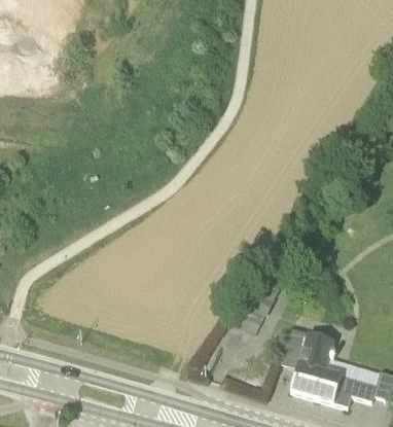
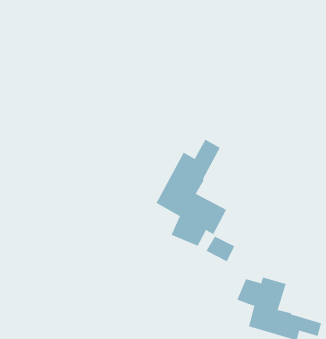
building: none -> [156,139,227,247]

